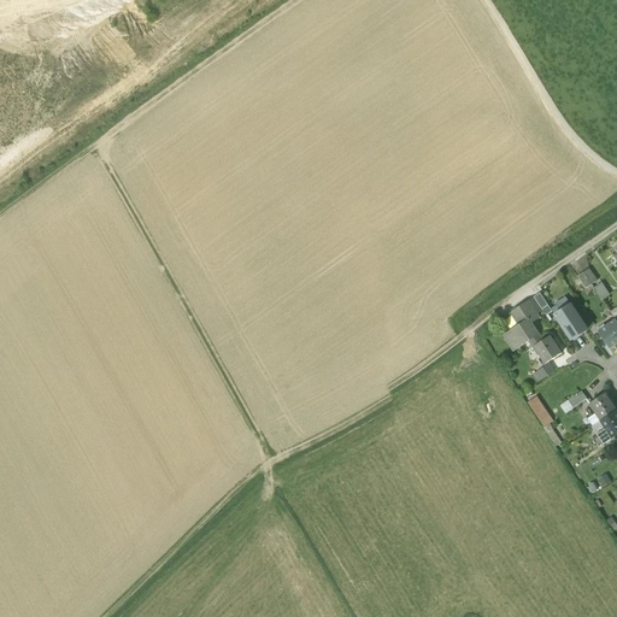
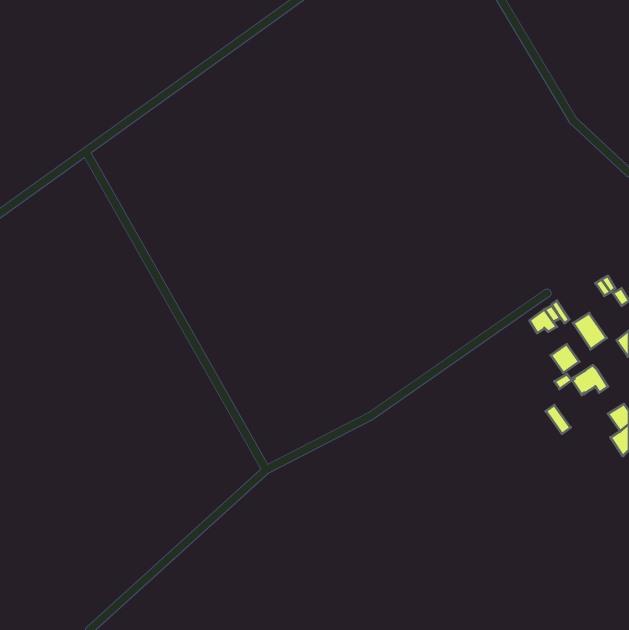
building: [507,318,542,347] -> [572,365,608,395]

